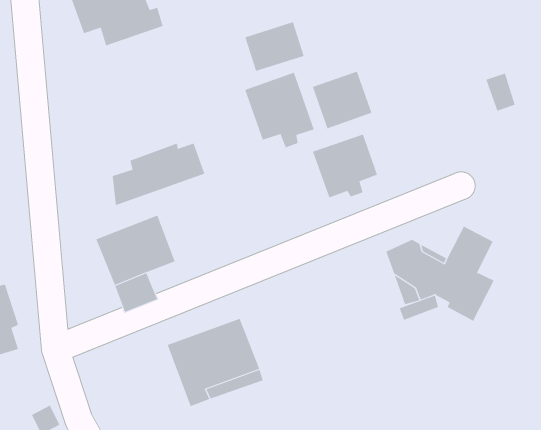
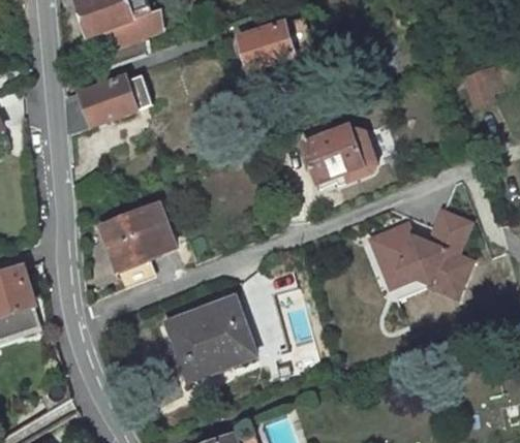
building: [312,71,372,129] -> none
building: [245,72,314,148] -> none
building: [112,143,205,206] -> [65,73,152,132]

